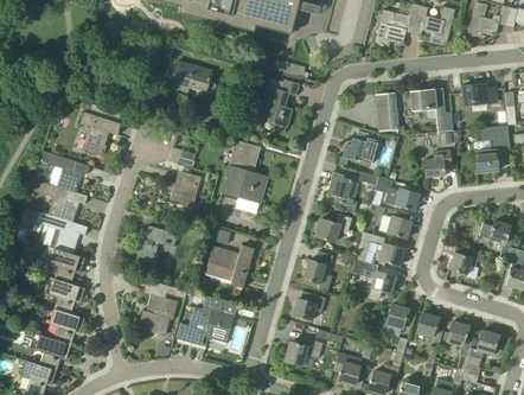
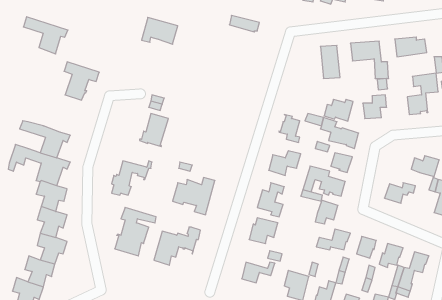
building: [263,77,299,127] -> none
building: [343,138,376,163] -> [324,99,353,121]
building: [221,140,268,203] -> none
building: [39,149,90,192] -> [23,17,68,54]

